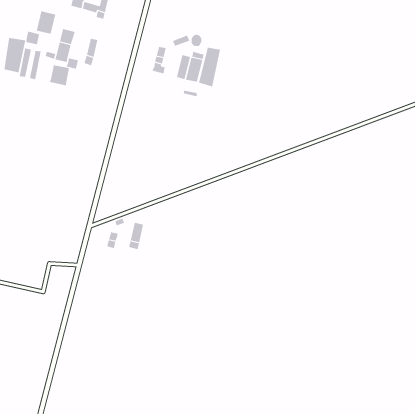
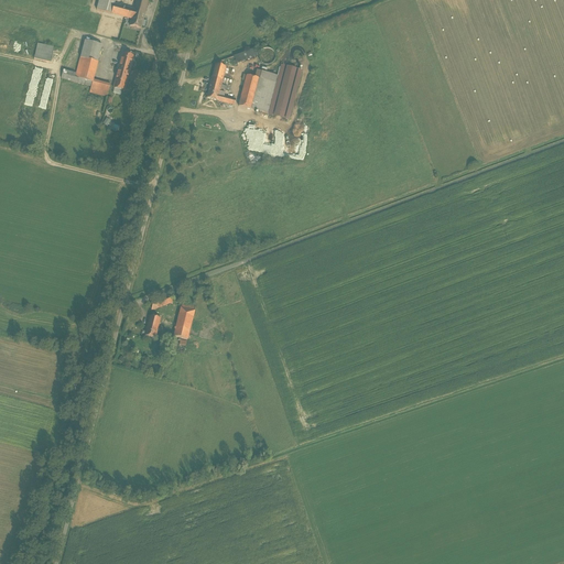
building: [36,10,56,35] -> none
building: [4,37,26,73] -> none
building: [49,65,69,86] -> none

